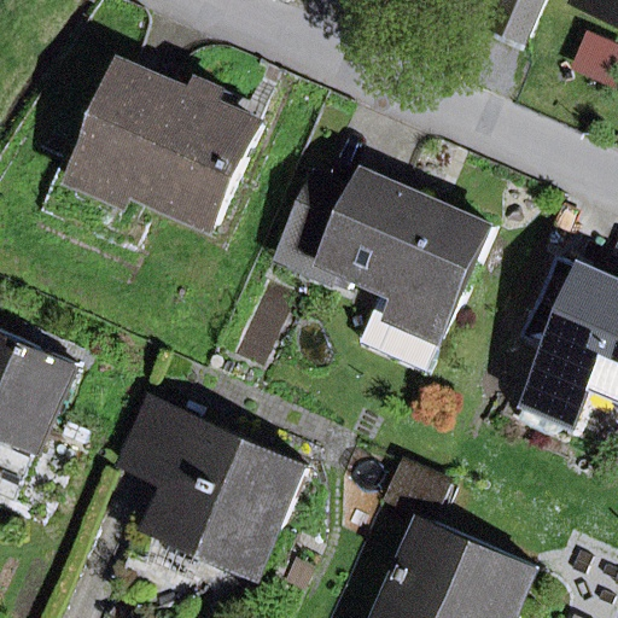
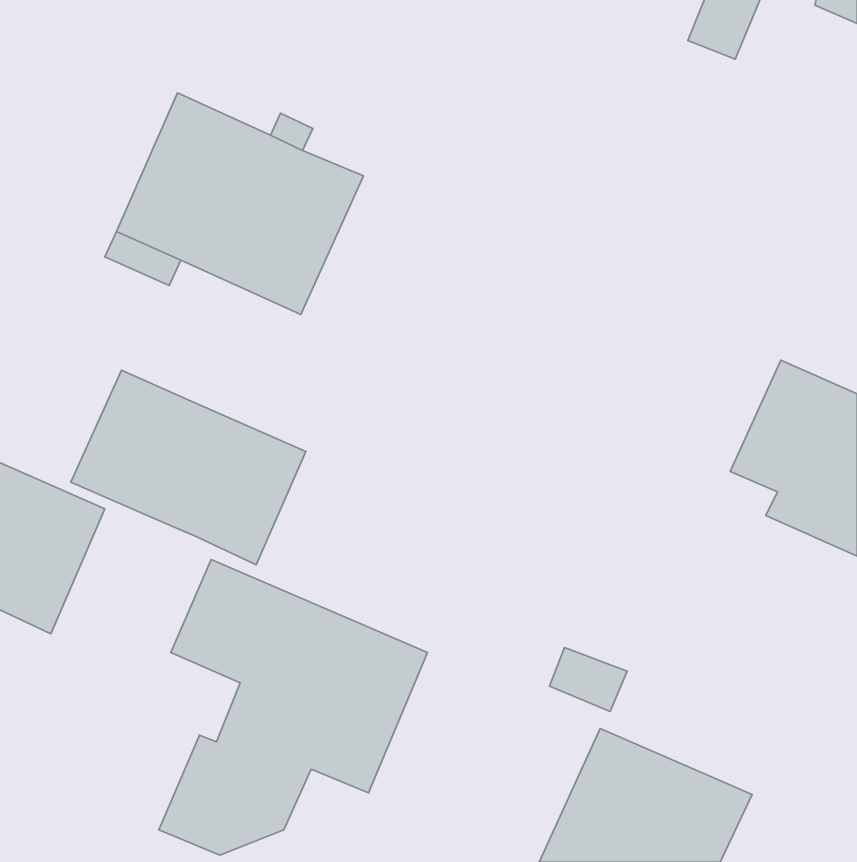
building: [279,174,491,372] -> none
building: none -> [71,370,306,565]

